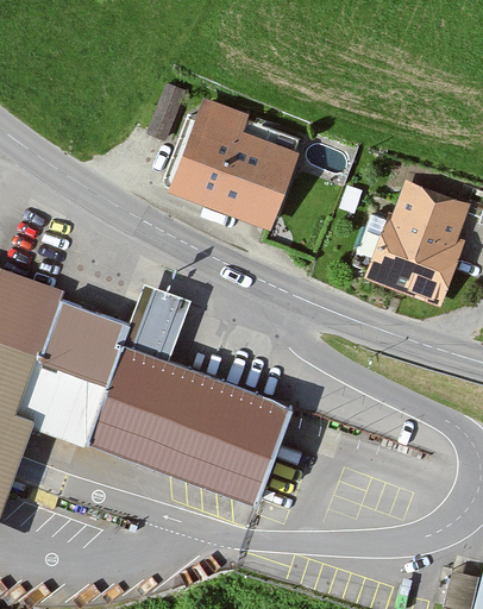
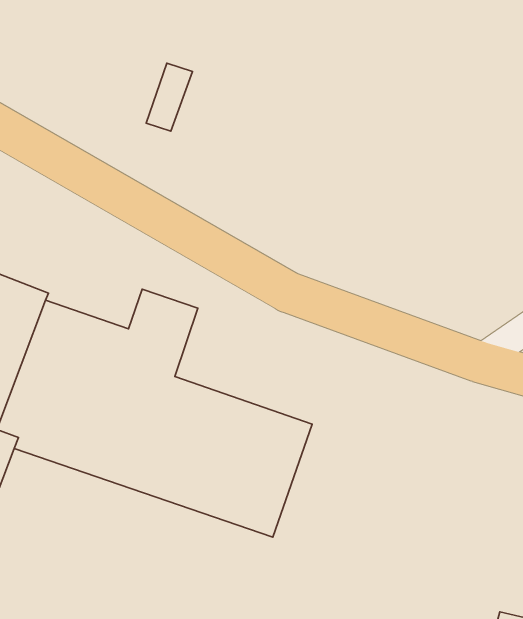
building: [168,102,296,231] -> none
building: [362,188,468,313] -> none

